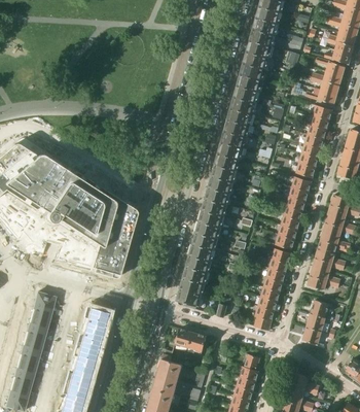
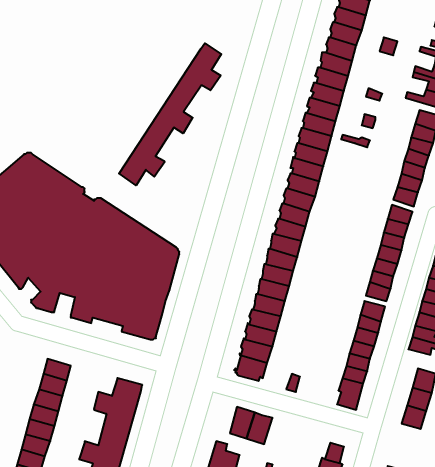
building: none -> [119,43,221,185]

